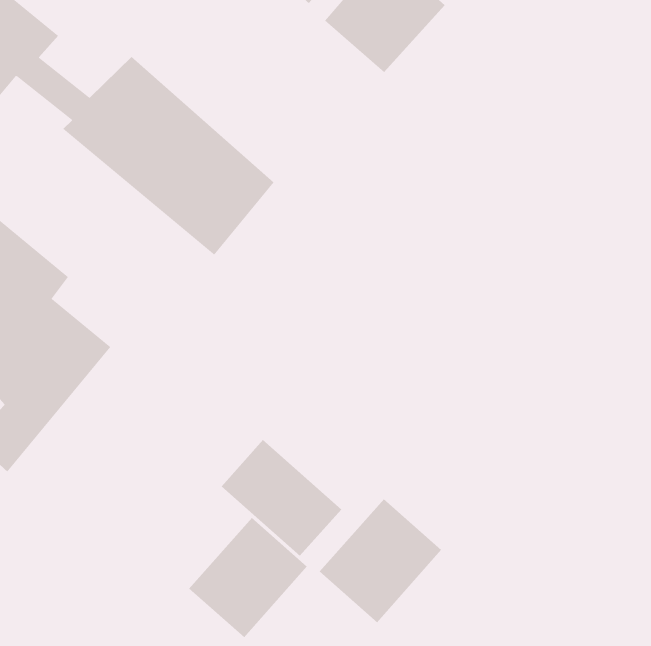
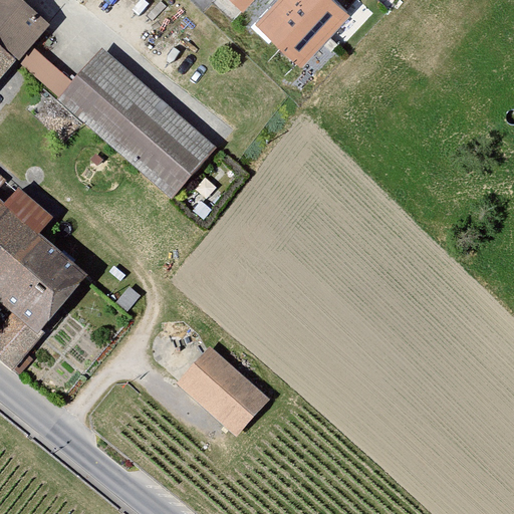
building: [319,499,442,623] -> none
building: [188,517,308,638] -> none

